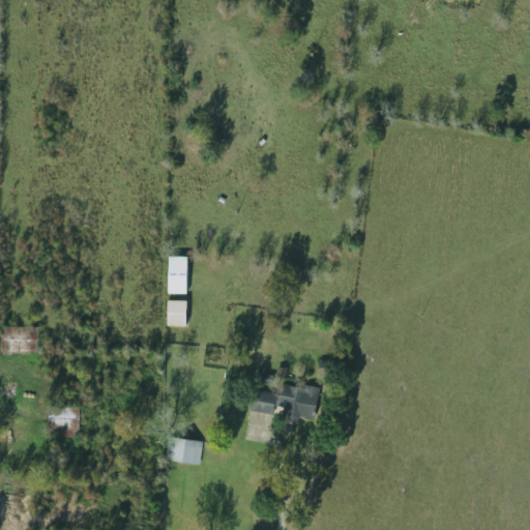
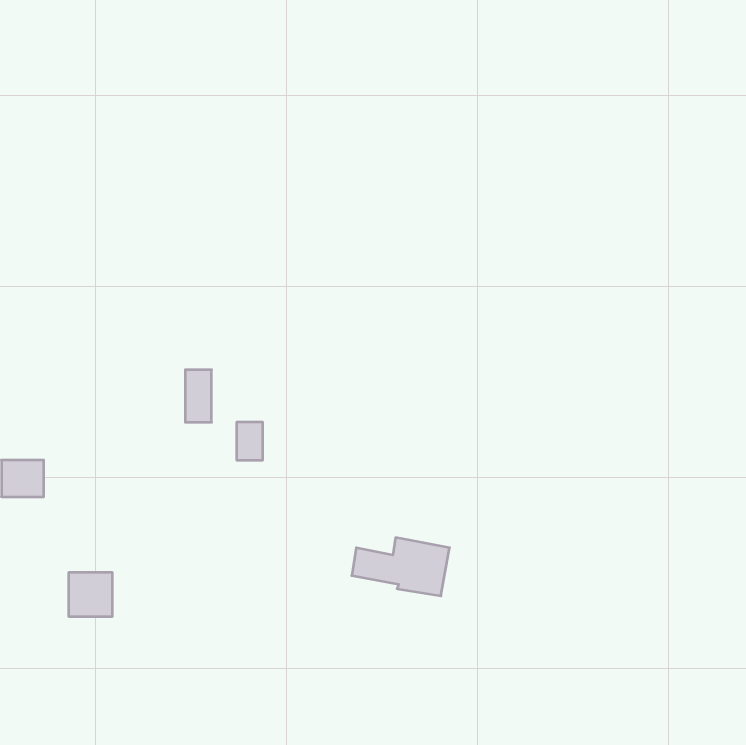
building: [169,257,187,294] -> [185,370,212,422]
building: [166,439,201,464] -> none

